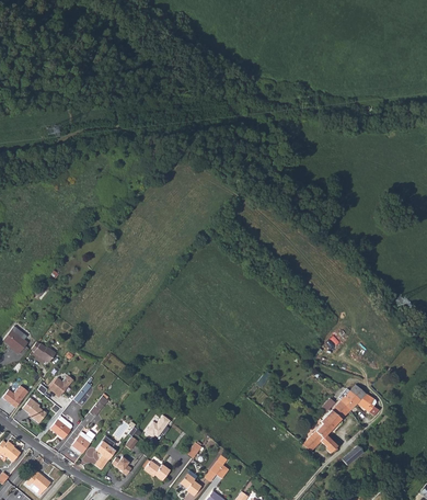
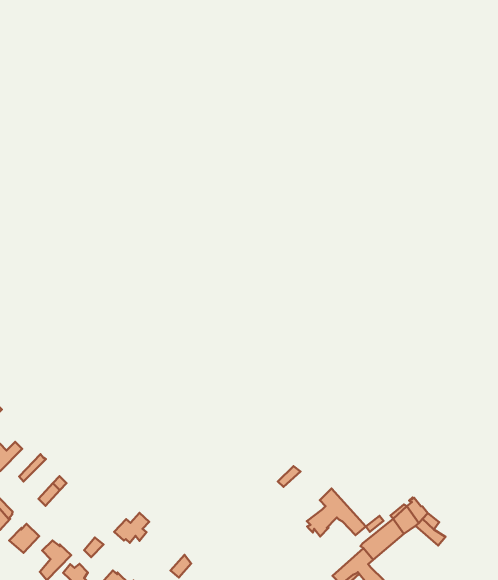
building: none -> [307,488,366,536]

